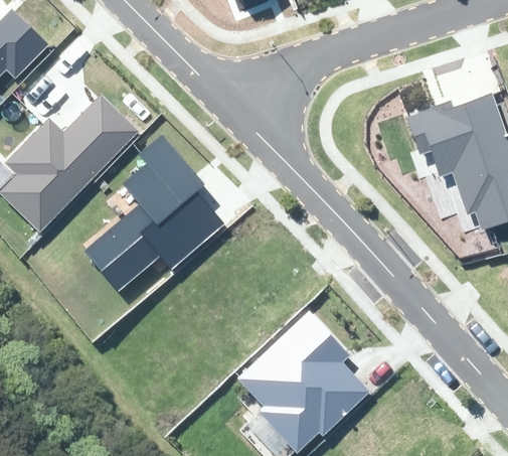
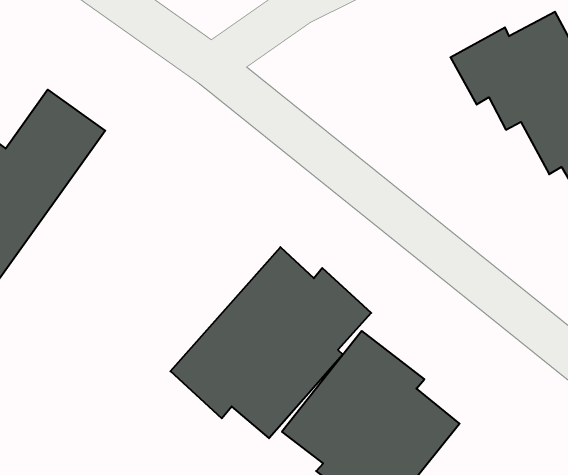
building: [87,133,226,290] -> none
building: none -> [170,247,371,438]

